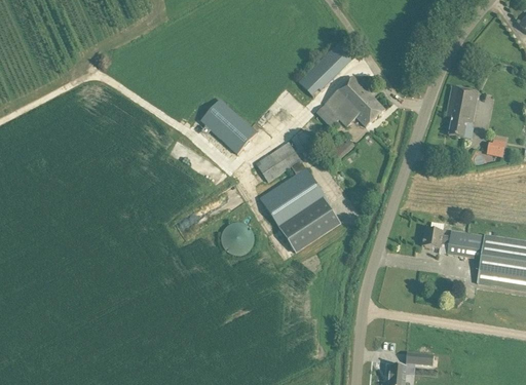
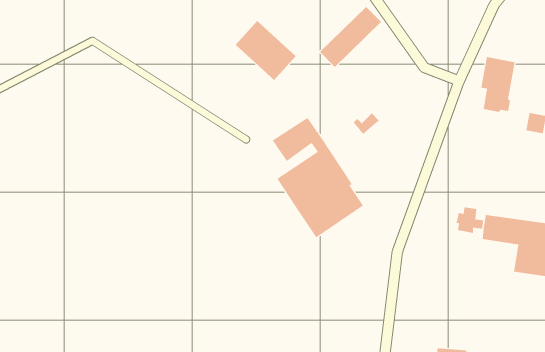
building: [315,76,384,126] -> none
building: [200,98,257,153] -> [235,20,297,81]
building: [221,222,254,255] -> none

